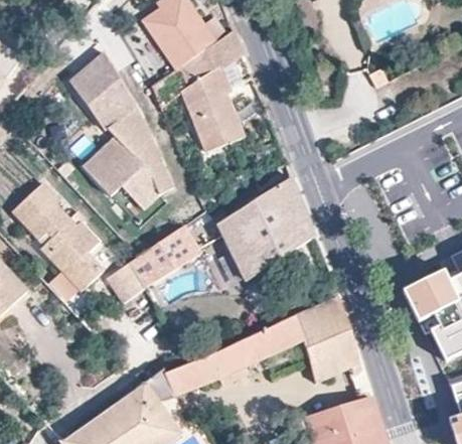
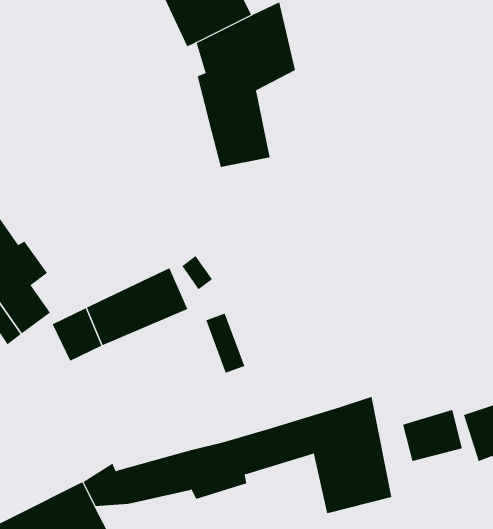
building: [69,50,175,219] -> none
building: [217,176,314,278] -> none
building: none -> [402,409,462,462]

